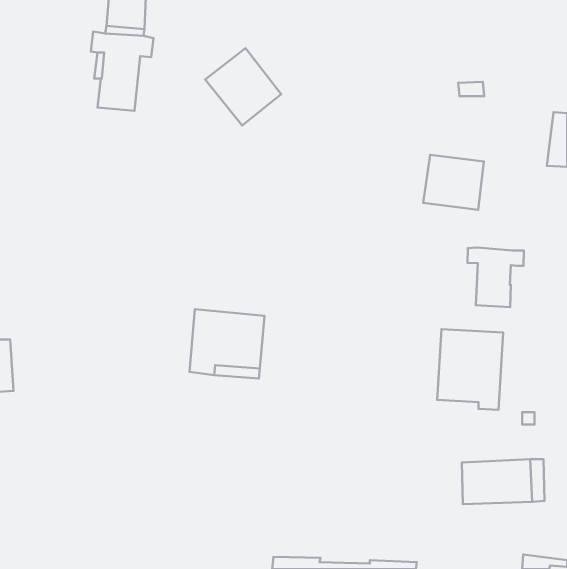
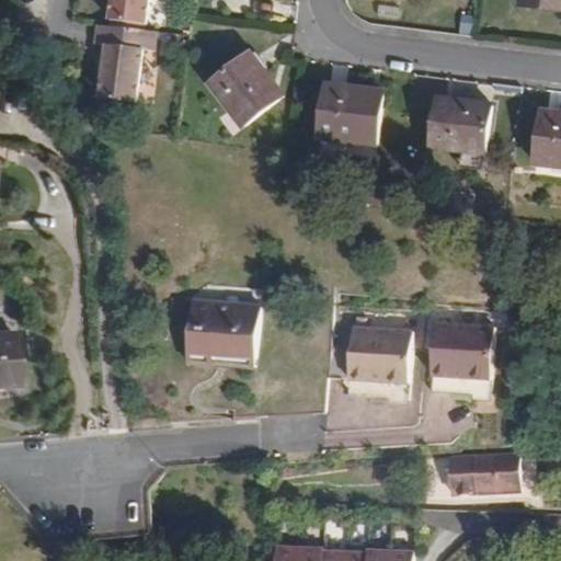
building: none -> [318,81,381,140]
building: [423,155,484,210] -> [430,96,489,150]
building: [467,248,524,307] -> none
building: none -> [344,325,410,404]

